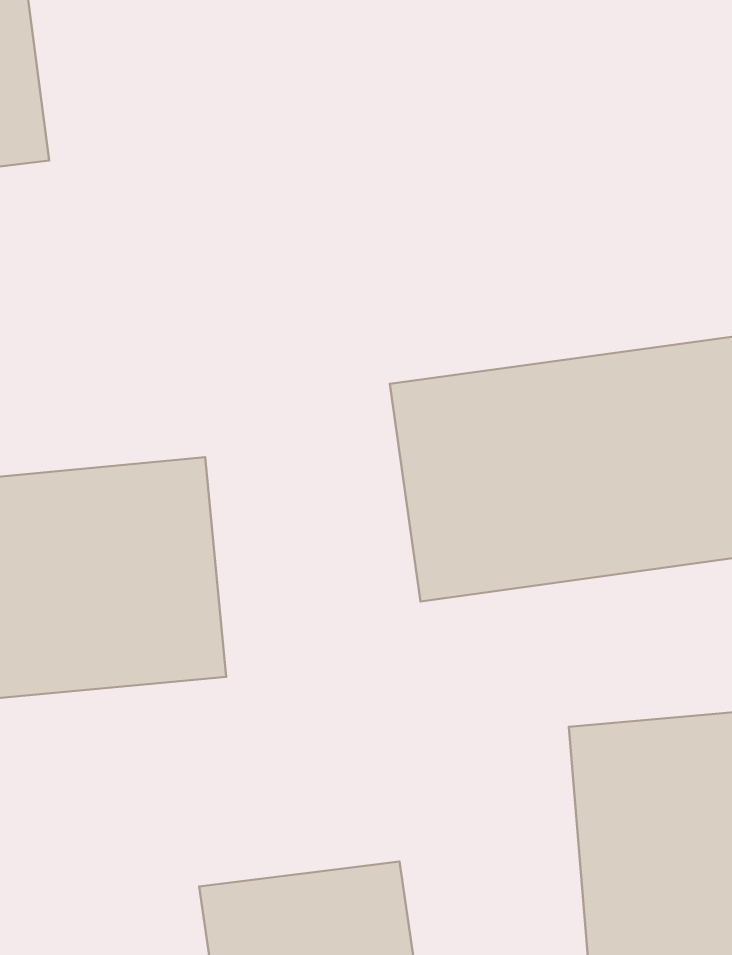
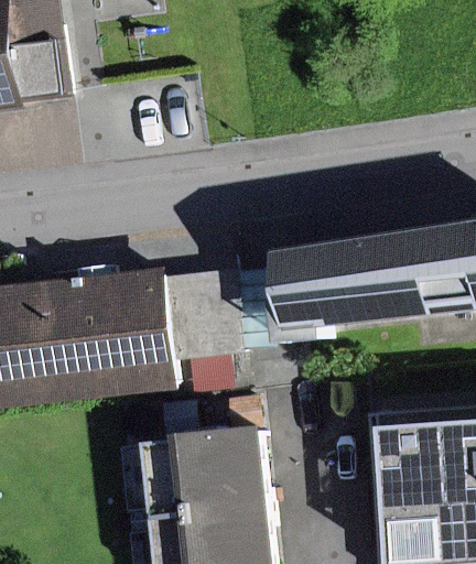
building: none -> [153,425,277,511]

